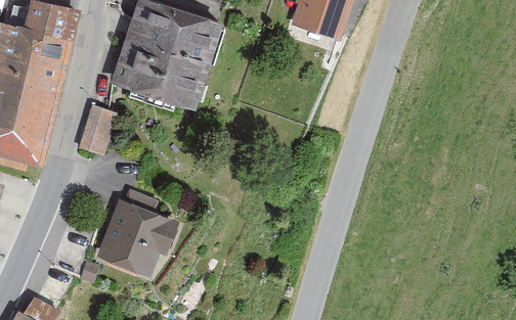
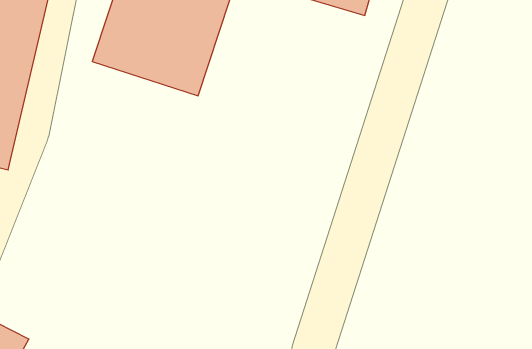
building: [76,105,115,157] -> none
building: [98,189,183,277] -> none

